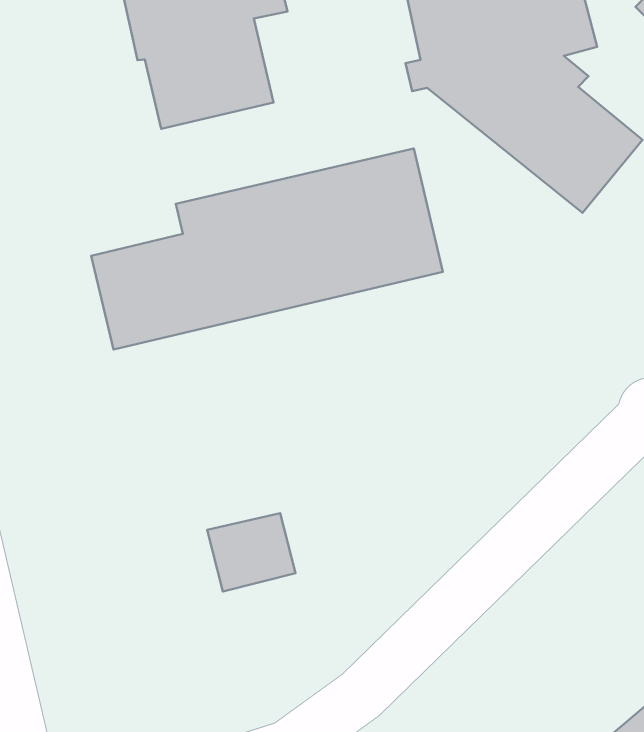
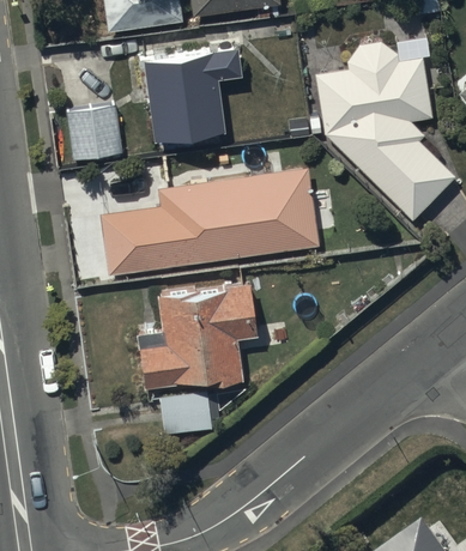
building: none -> [68,104,122,159]
building: none -> [138,284,259,388]

